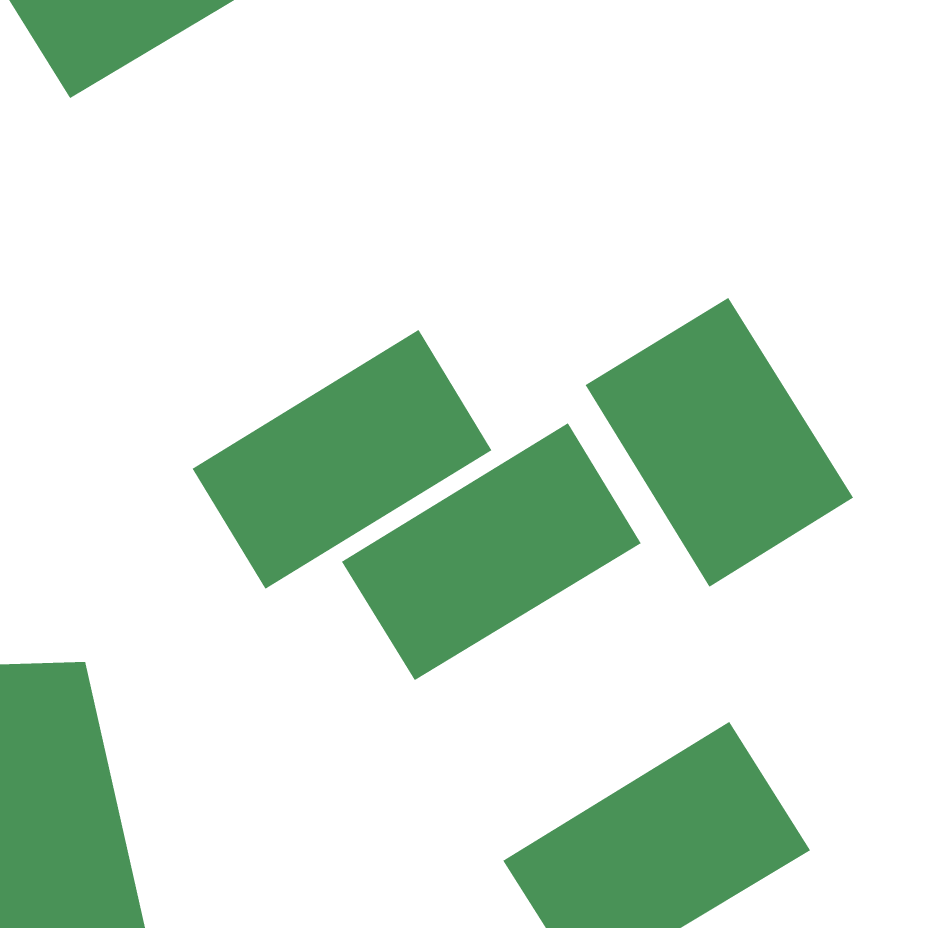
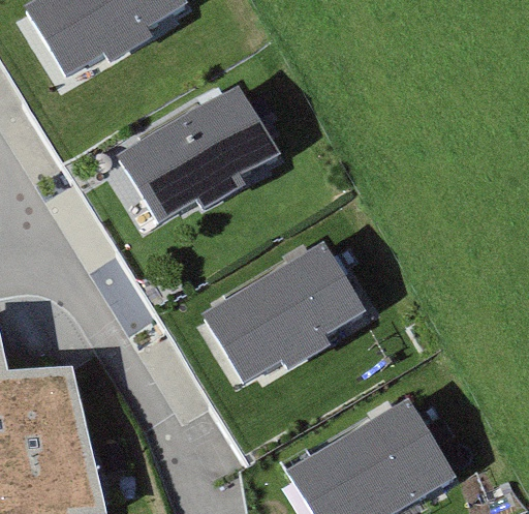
building: [585,297,854,588] -> none
building: [191,329,492,590] -> [121,90,277,225]

